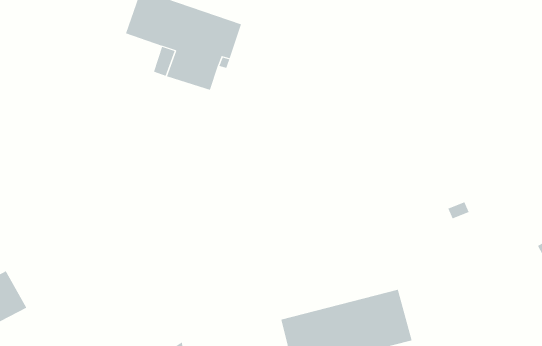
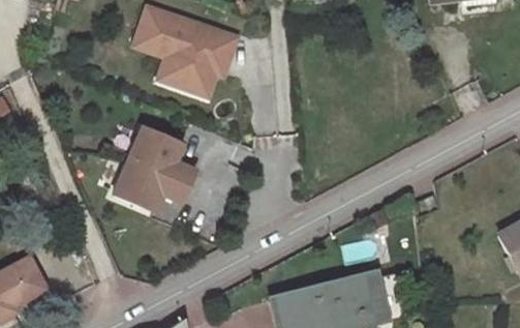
building: none -> [114,127,195,211]

